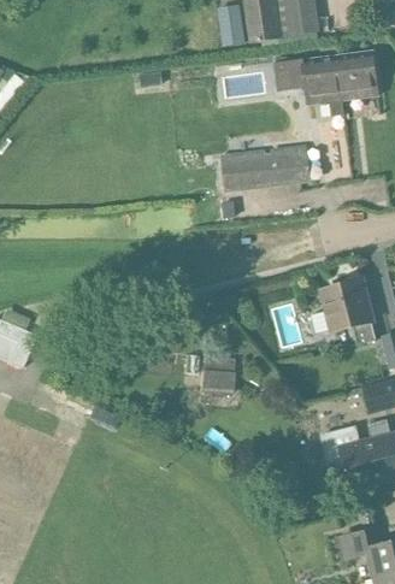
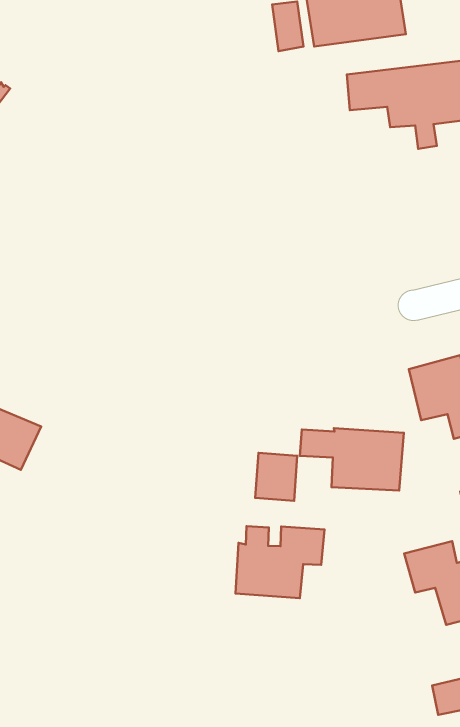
building: [222,153,301,190] -> none
building: none -> [300,428,404,491]
building: none -> [236,526,324,598]

